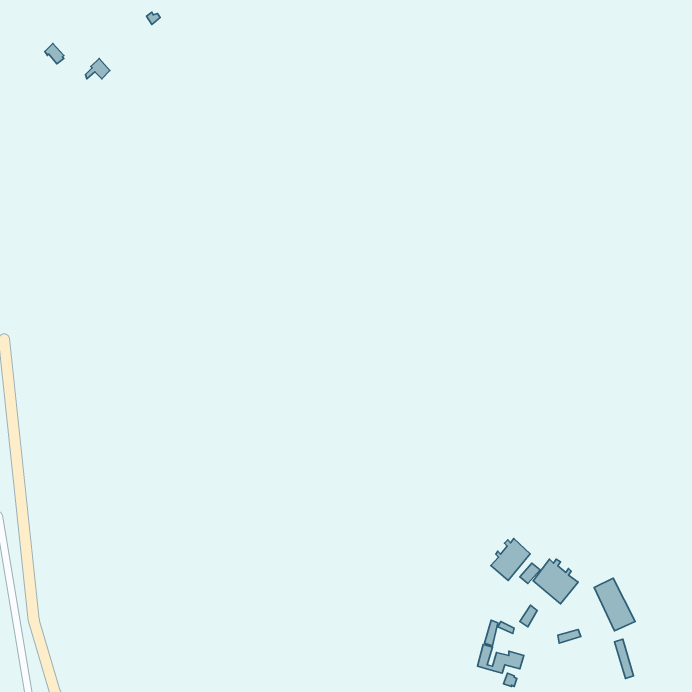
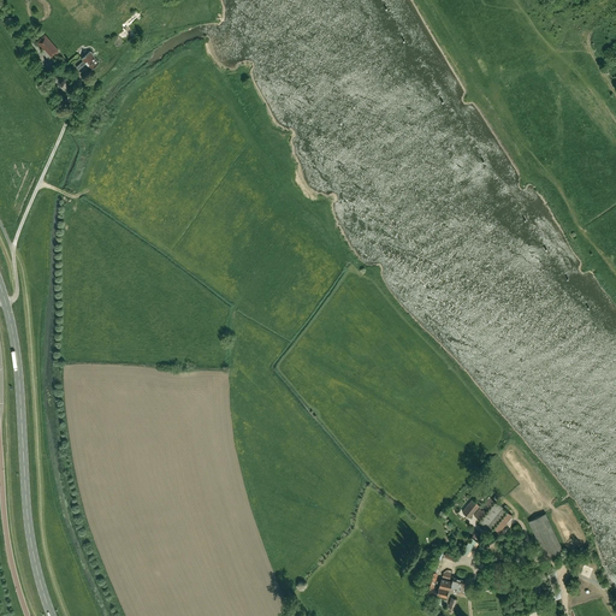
building: [491,538,530,581] -> none

